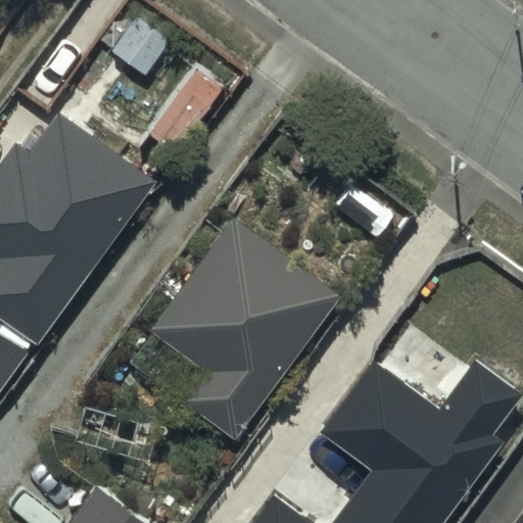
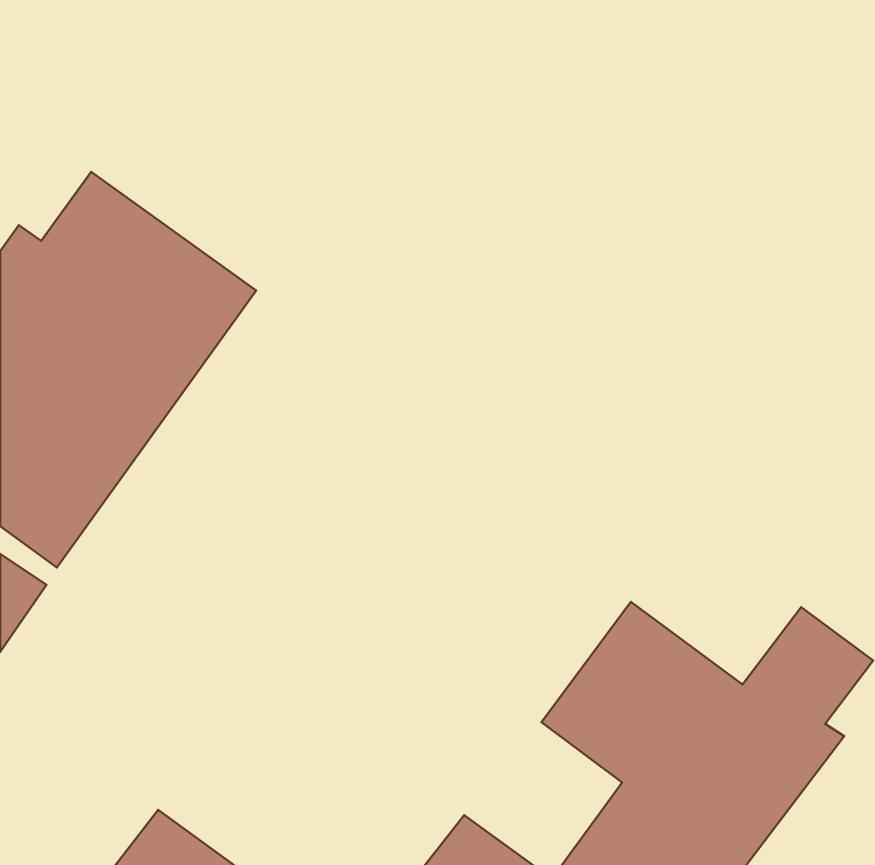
building: [150,219,337,439] -> none

